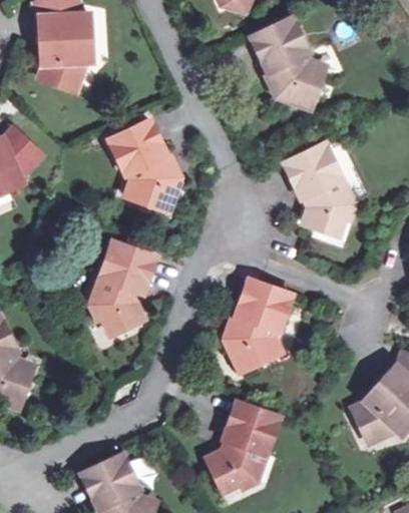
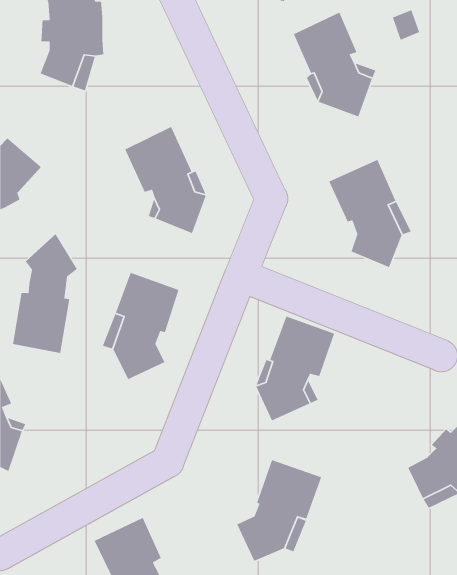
building: none -> [12,233,78,354]

